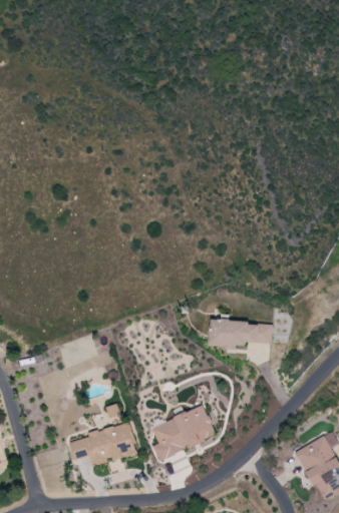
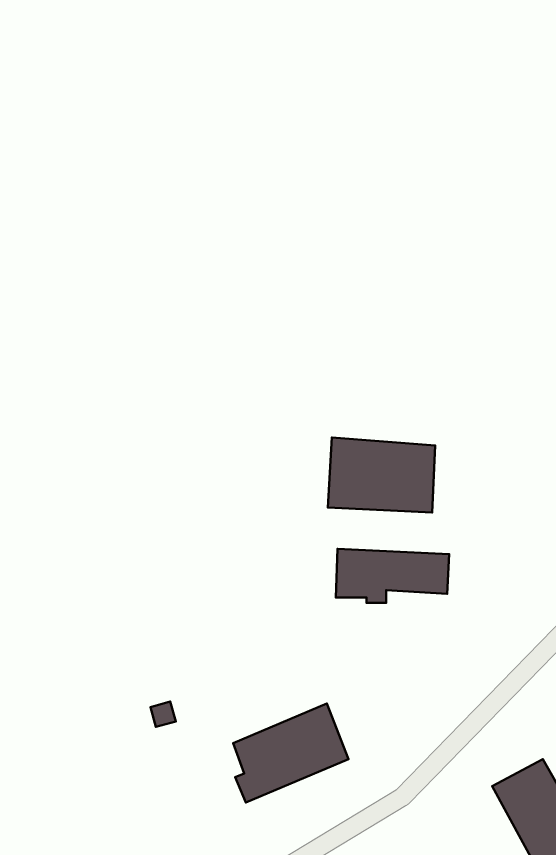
building: none -> [328,437,435,512]
building: [69,422,136,466] -> none

